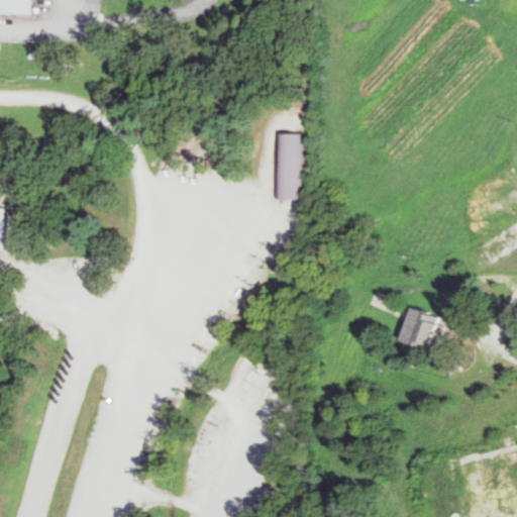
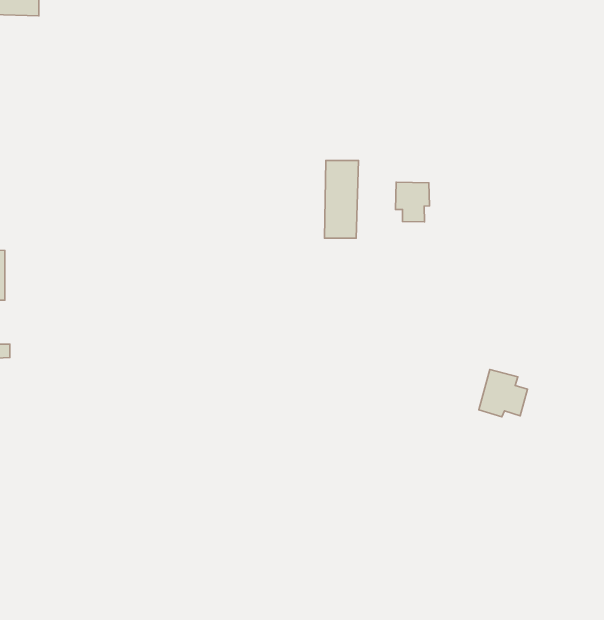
building: none -> [395,182,429,222]

